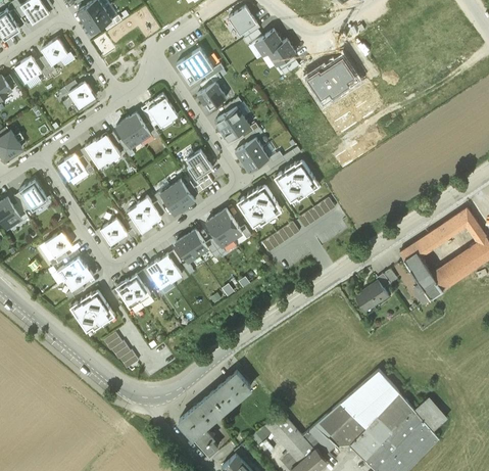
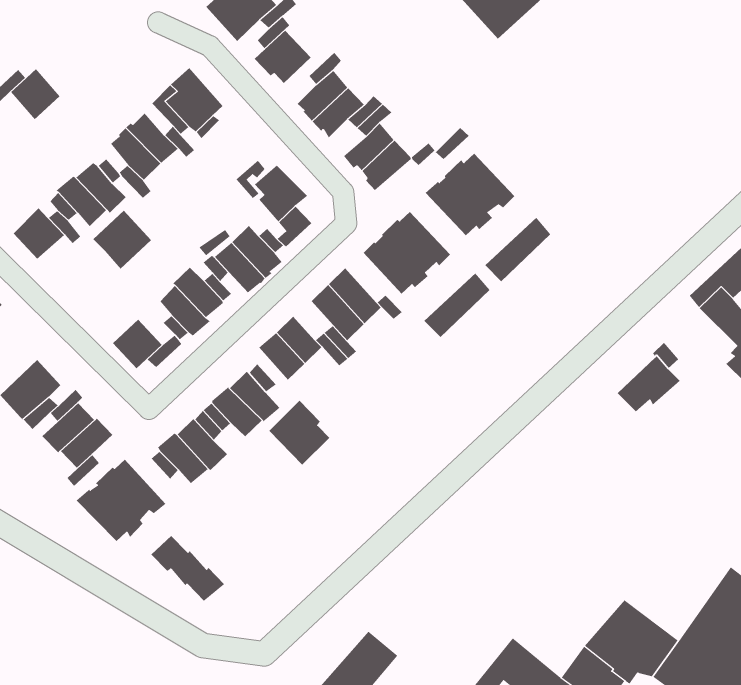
building: none -> [92,210,152,269]
building: none -> [269,400,330,465]
building: [342,371,399,428] -> none
building: [208,372,250,413] -> none

